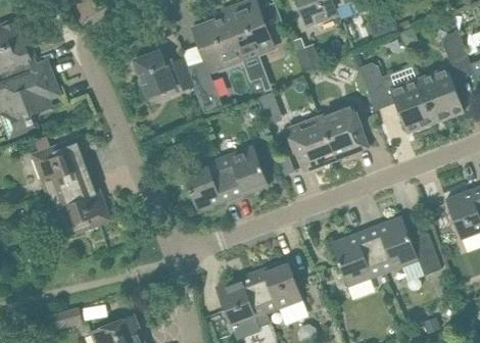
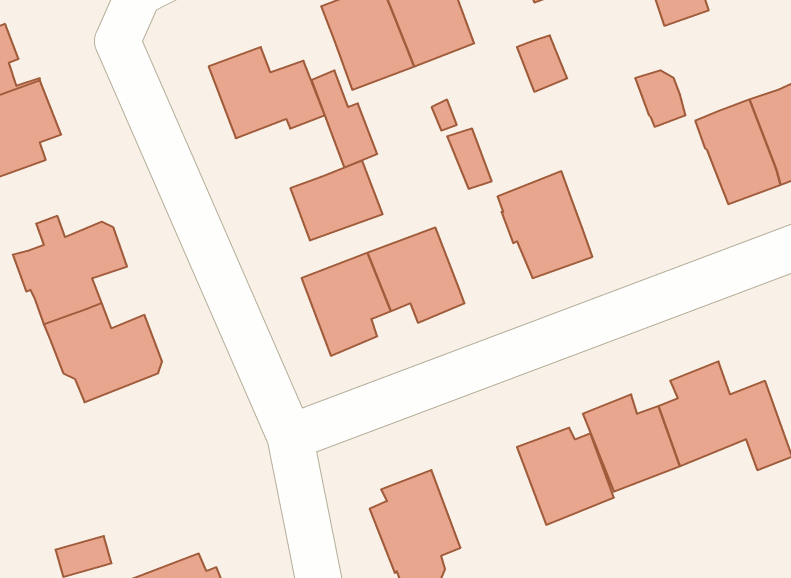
building: [320,103,369,160] -> none
building: none -> [291,160,383,241]
building: [251,262,302,313] -> [517,428,614,525]

